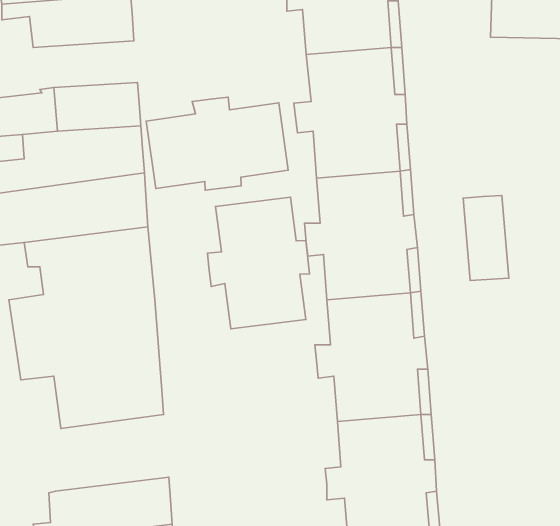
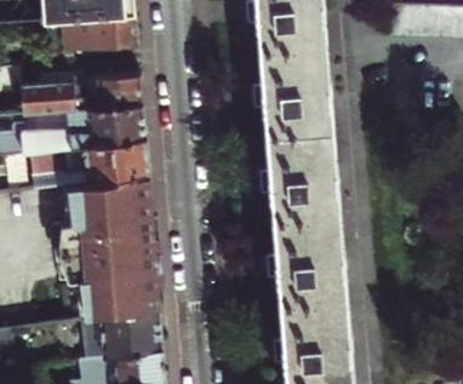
building: [146,97,288,190] -> none
building: [463,196,509,281] -> none
building: [207,197,309,329] -> none
building: none -> [78,305,162,359]

